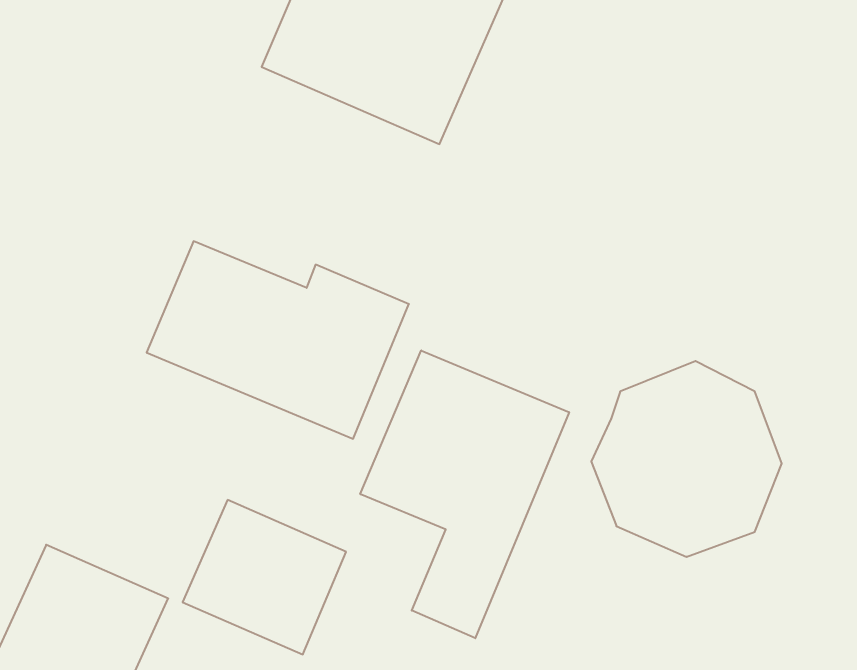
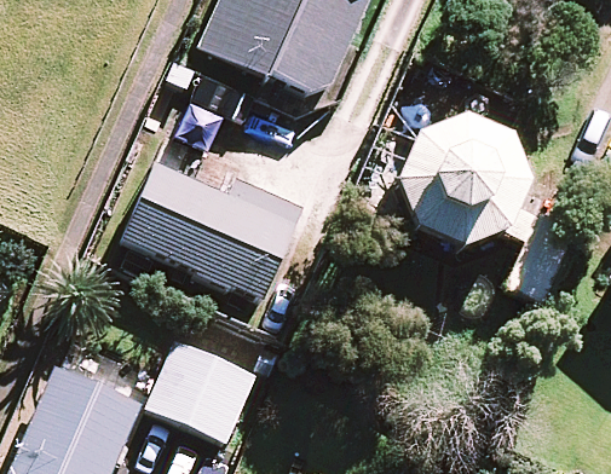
building: [360,350,569,638] -> none
building: [591,361,782,557] -> [394,115,523,247]

